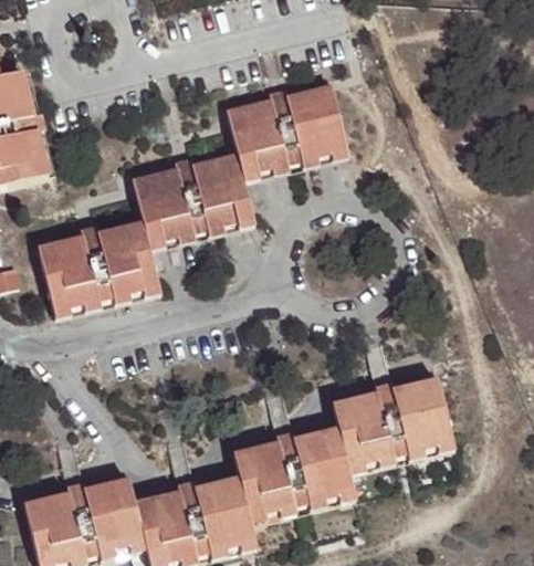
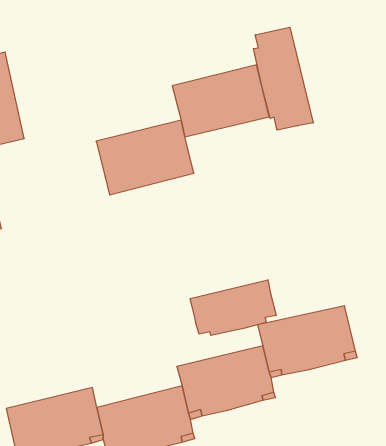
building: none -> [253,27,313,130]
building: [39,222,159,314] -> none
building: none -> [190,280,276,335]

